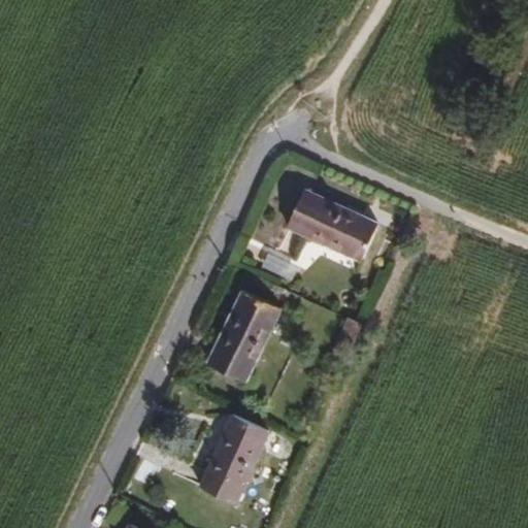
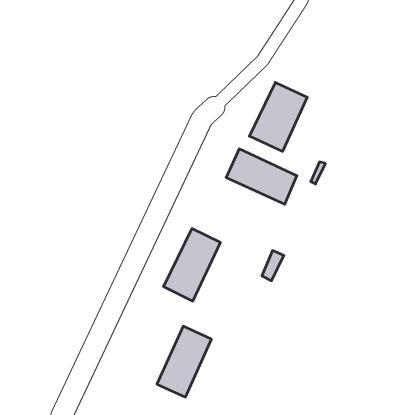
building: none -> [249,82,307,151]

